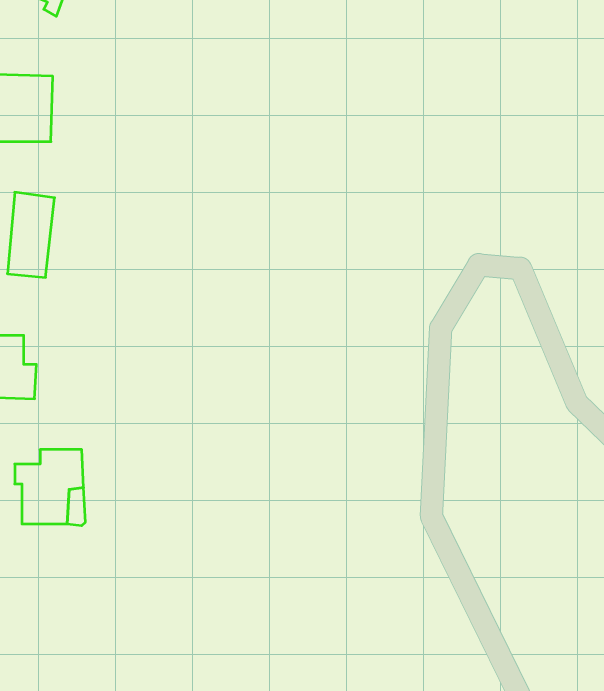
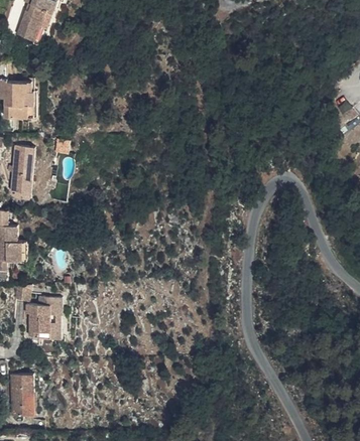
building: none -> [11,377,34,415]

